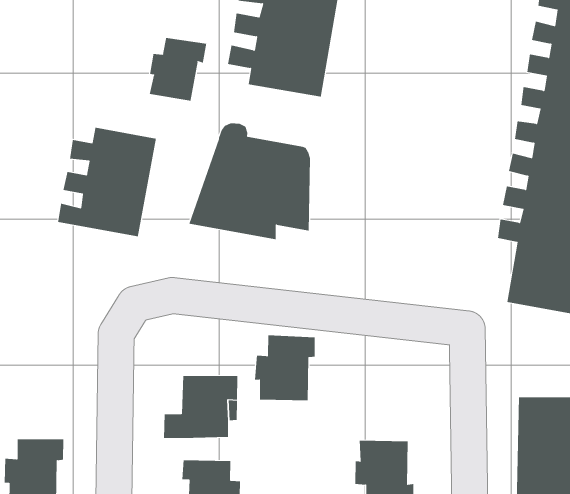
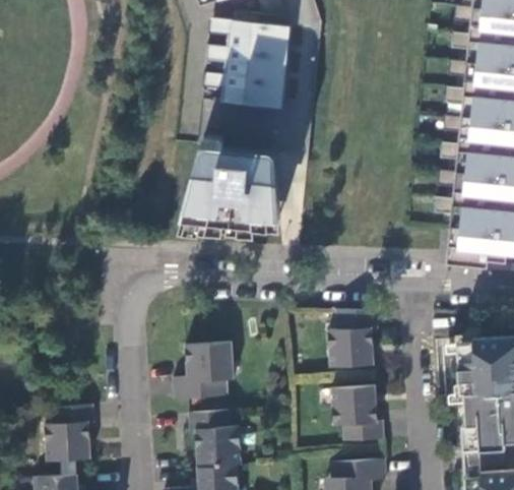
building: [149,37,207,102] -> none
building: [58,127,156,237] -> none
building: [254,335,316,401] -> [327,311,376,366]

